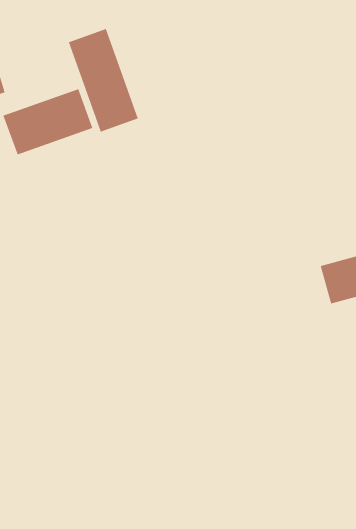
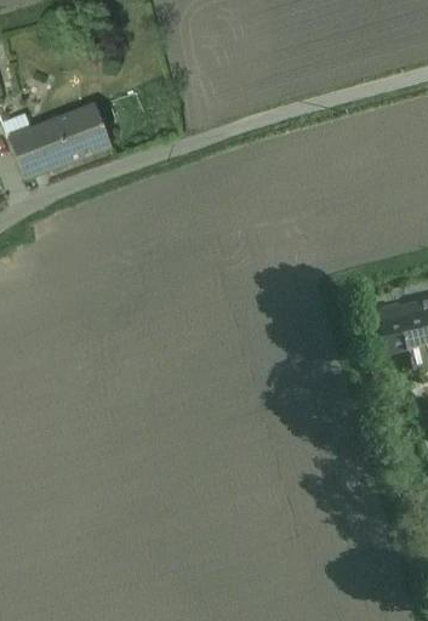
building: [68,28,139,132] -> none

